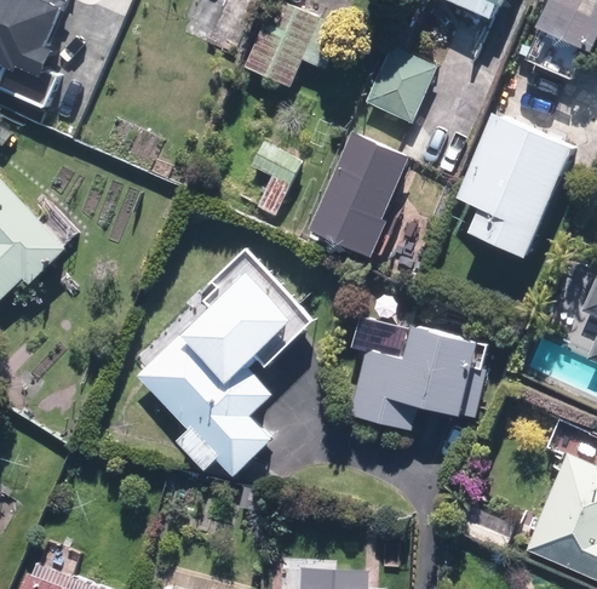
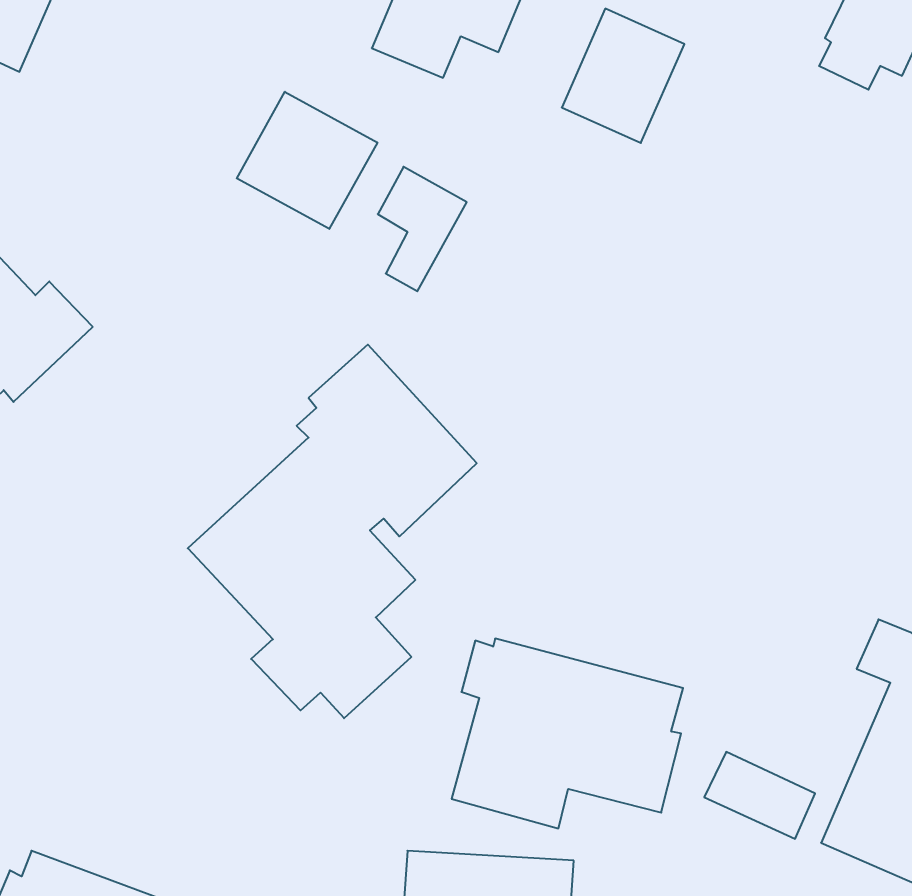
building: none -> [237,92,377,229]
building: [454,110,572,257] -> none
building: [309,132,414,258] -> none
building: [348,315,489,431] -> [452,639,683,828]

